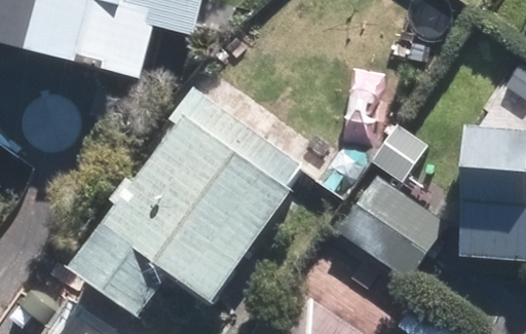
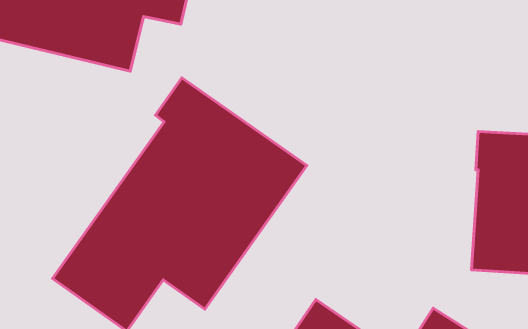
building: [337,169,447,273] -> none

